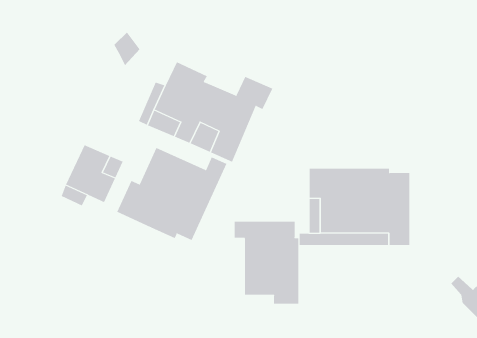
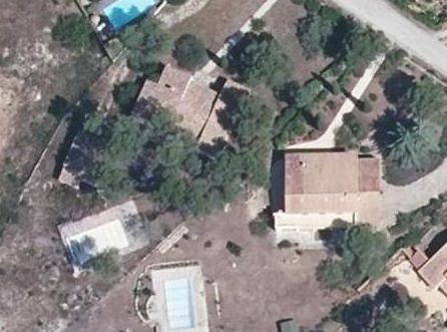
building: [117,147,227,241] -> none
building: [234,221,299,305] -> none

